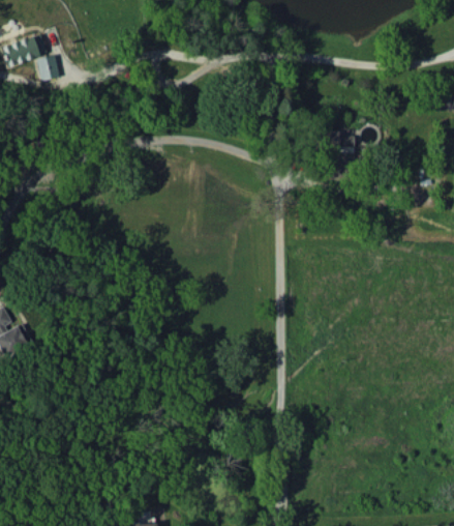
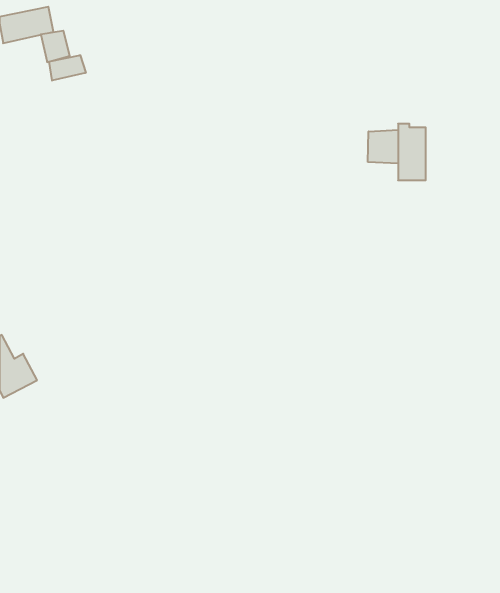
building: none -> [49,55,86,81]
building: none -> [368,130,398,163]

